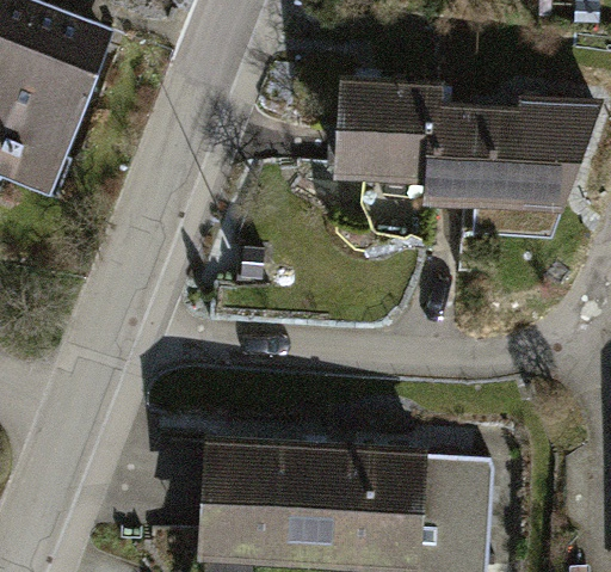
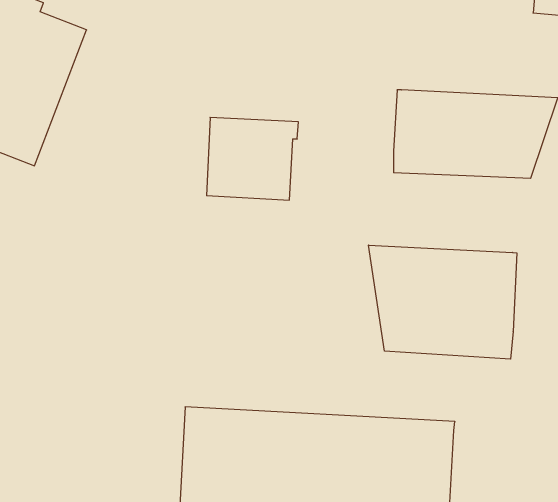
building: [340,86,437,173] -> [207,117,298,200]
building: none -> [369,245,517,359]

